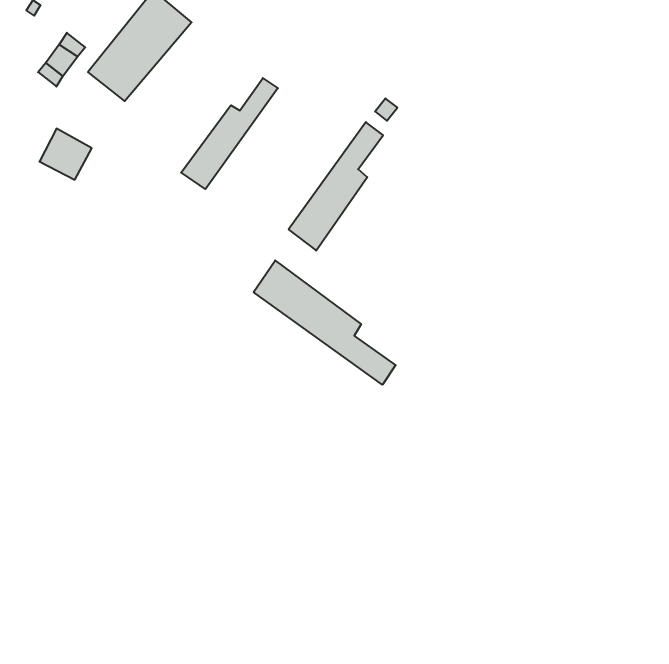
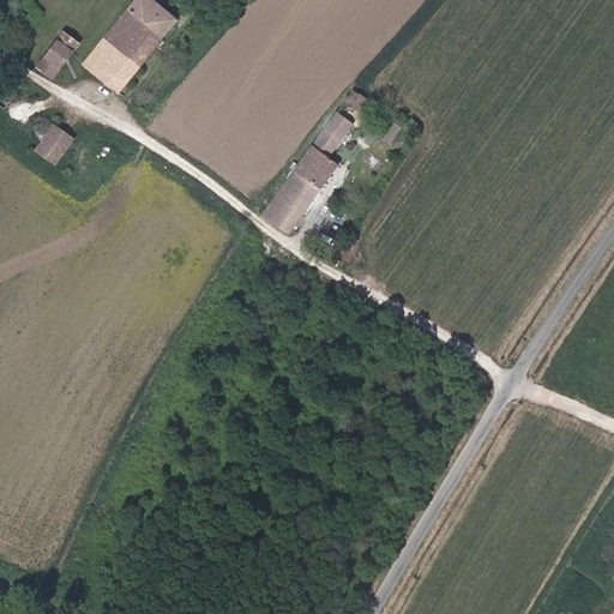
building: [181,78,278,189] -> none
building: [254,260,396,385] -> none

